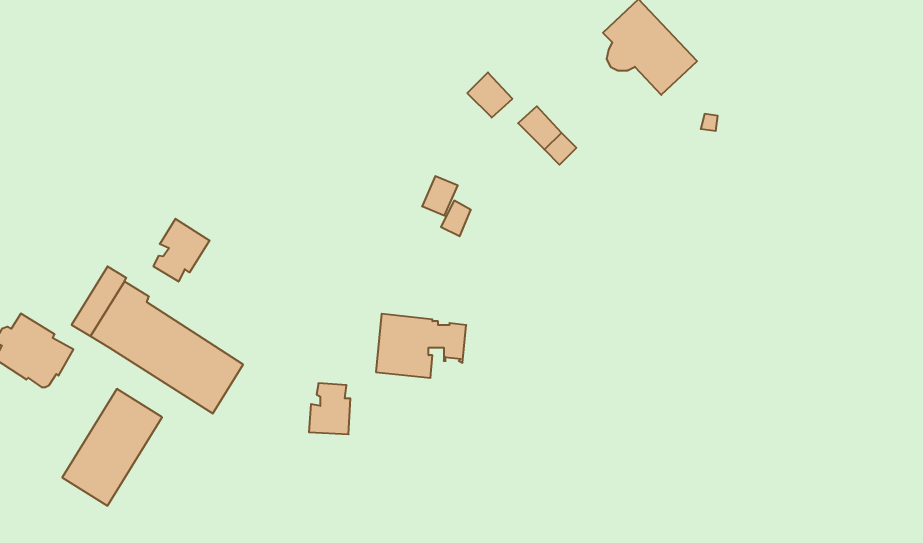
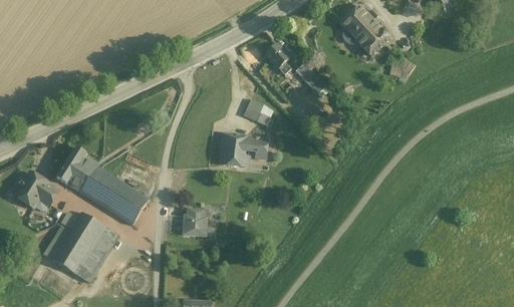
building: [154,219,210,282] -> none
building: [376,314,466,378] -> [219,131,267,166]
building: none -> [75,226,117,281]

